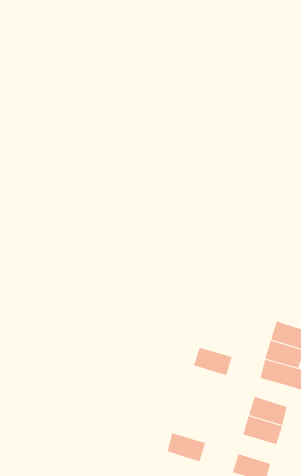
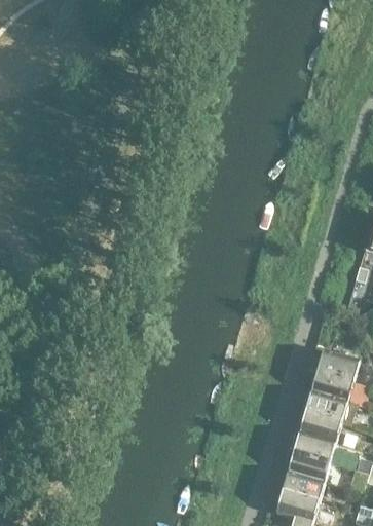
building: [193,347,232,376] -> [300,410,342,441]
building: [167,432,206,462] -> [283,471,325,502]

